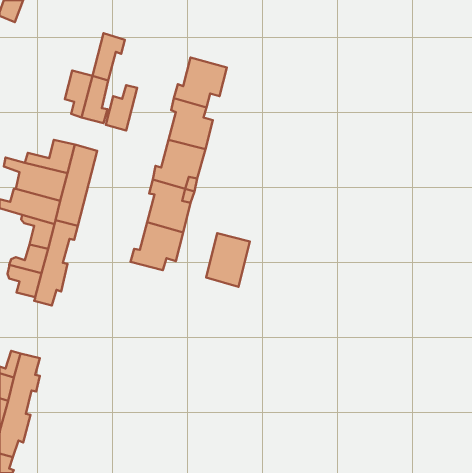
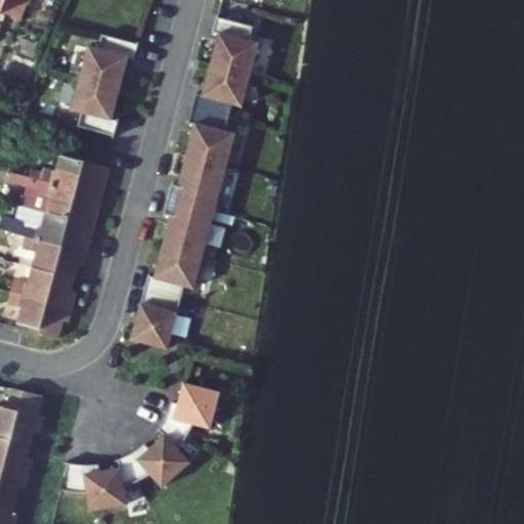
building: none -> [211,16,260,75]
building: [106,85,137,130] -> [80,34,115,84]
building: [206,233,250,287] -> [132,290,180,349]
building: none -> [61,383,220,511]

